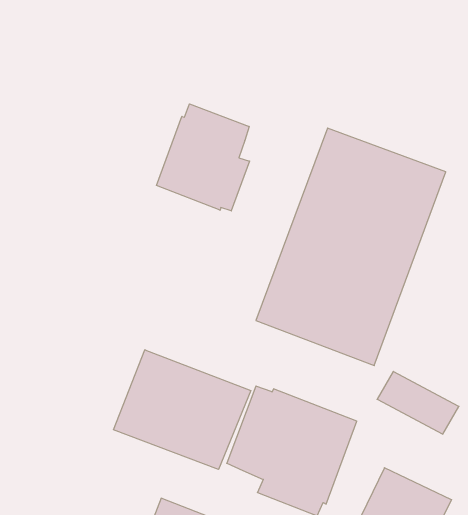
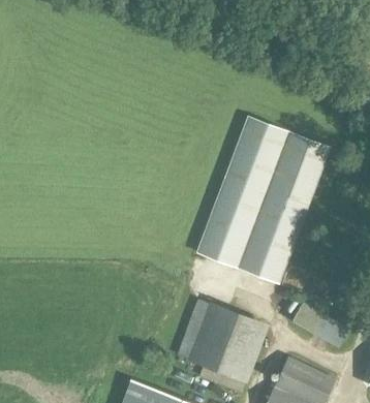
building: [156,104,250,211] -> none
building: [114,350,251,469] -> none

